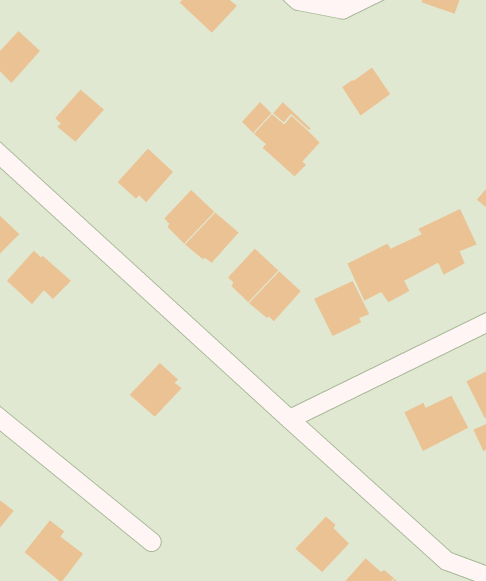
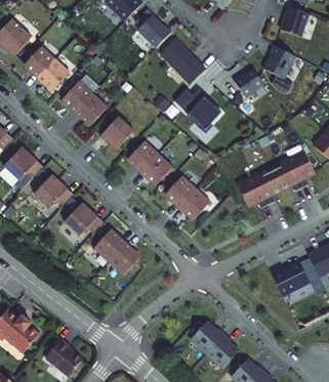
building: none -> [160,39,205,84]
building: none -> [262,45,294,79]
building: none -> [37,58,69,89]
building: none -> [75,93,107,124]
building: [313,280,370,337] -> none
building: none -> [64,205,102,237]
building: none -> [92,230,125,262]
building: none -> [190,322,223,353]

